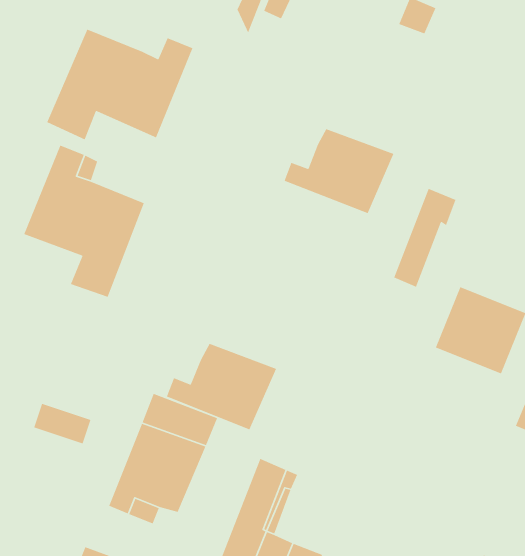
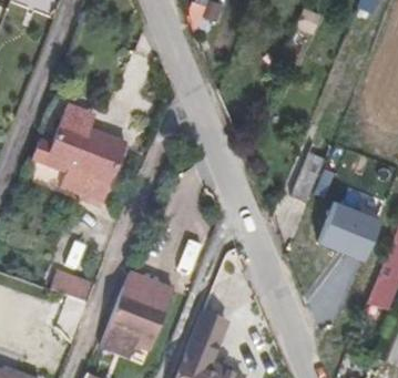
building: [46,28,193,141] -> none
building: [284,128,395,214] -> none
building: [166,343,277,431] -> none

